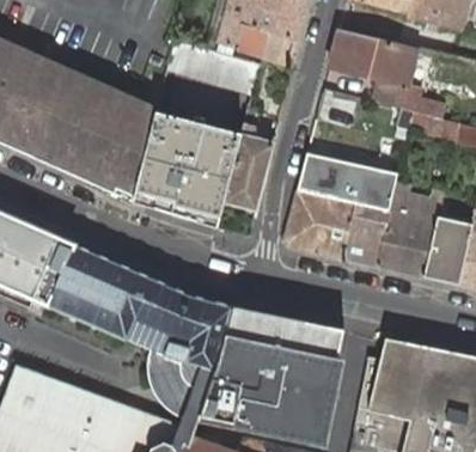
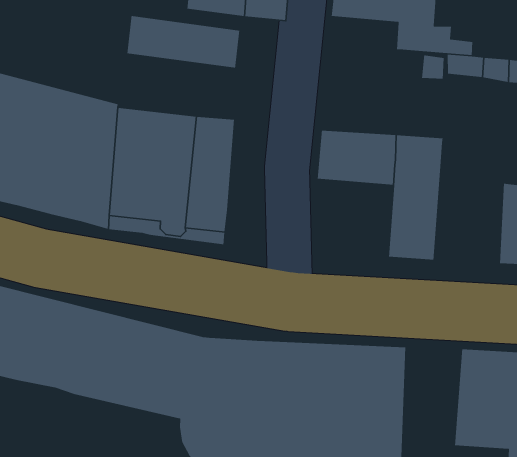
building: [226,109,274,210] -> none
building: [377,178,445,277] -> none
building: [285,190,355,258] -> none

